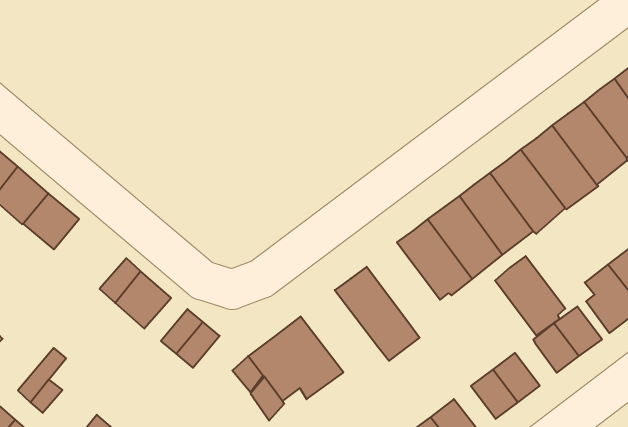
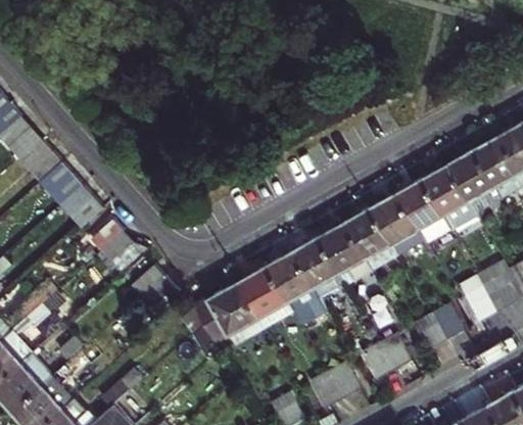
building: none -> [59,184,102,228]
building: [495,256,565,336] -> [294,235,344,296]
building: none -> [239,265,294,328]

